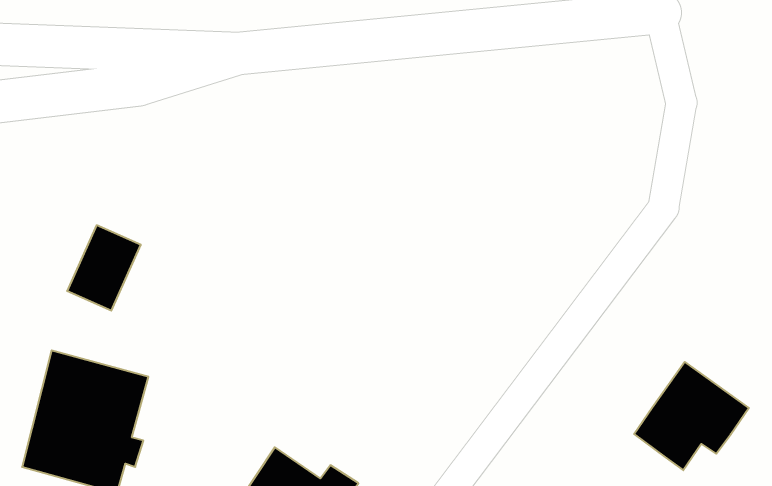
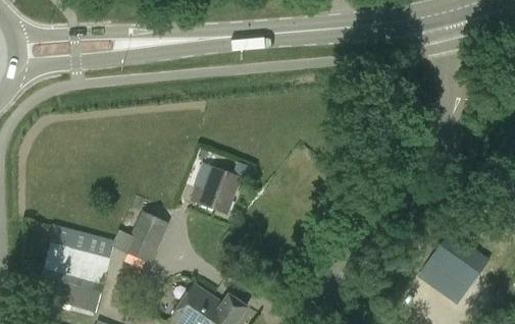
building: [67,225,141,311] -> [122,211,168,264]
building: none -> [191,167,240,214]

